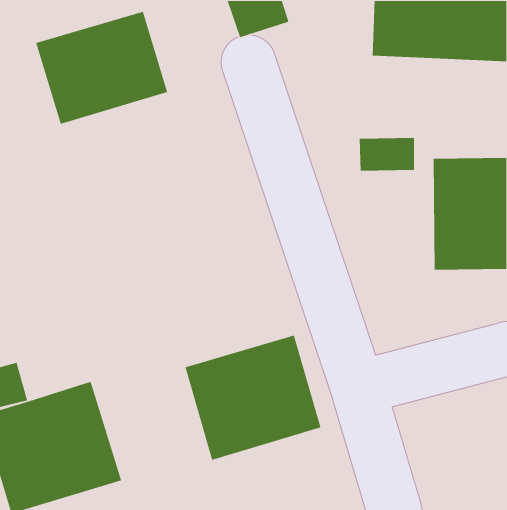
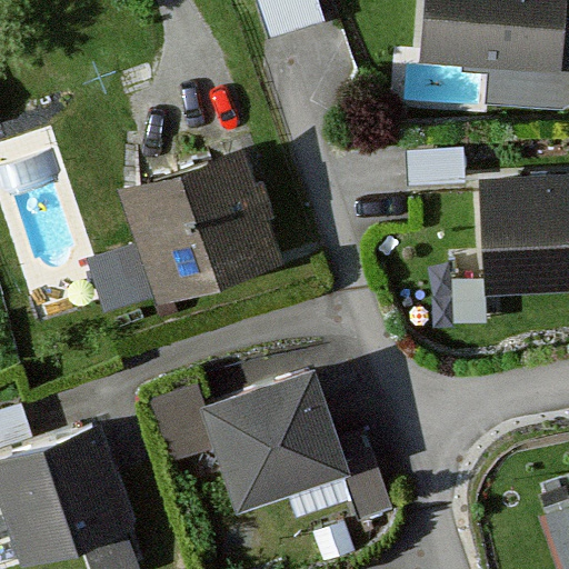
building: [35,11,168,125] -> none
building: none -> [117,146,282,303]

